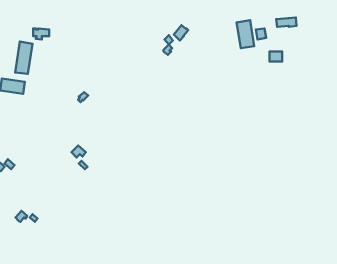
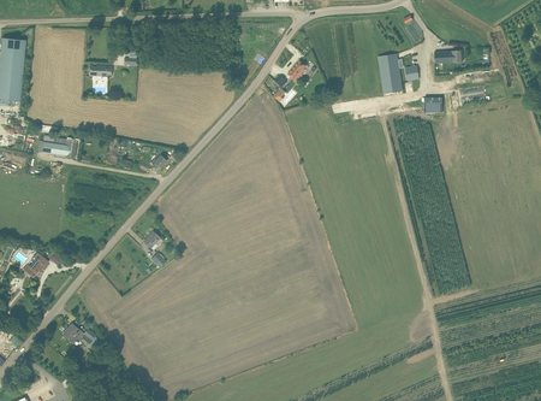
building: [15,42,32,74] -> none

